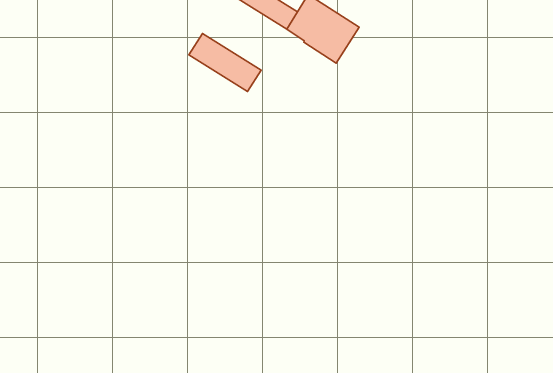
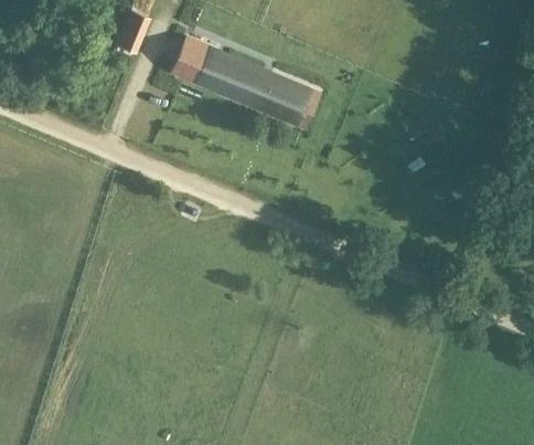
building: [189,34,261,92] -> none

